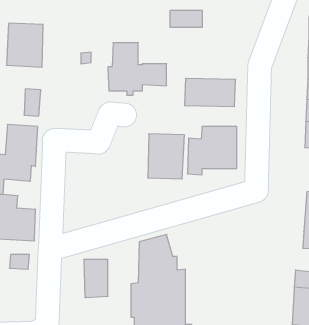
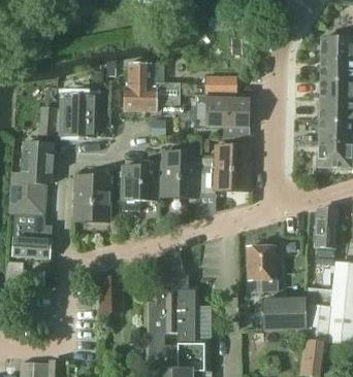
building: [170,11,202,27] -> [205,75,237,92]
building: [6,23,43,67] -> [60,92,96,135]
building: none -> [122,159,159,208]
building: none -> [74,173,110,218]
building: none -> [249,244,278,290]
building: none -> [264,297,304,328]

